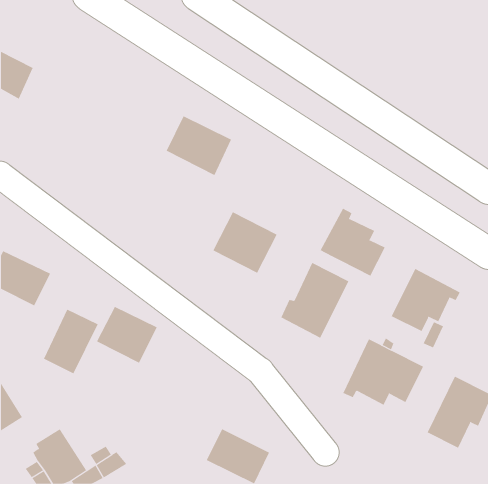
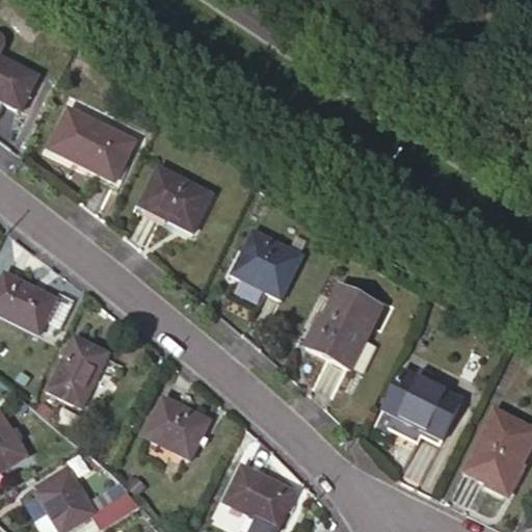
building: none -> [49,108,134,180]
building: [166,116,232,176] -> [139,166,211,232]
building: [320,208,385,276] -> none
building: [391,268,461,332] -> none
building: [96,306,158,364] -> [143,396,210,458]

